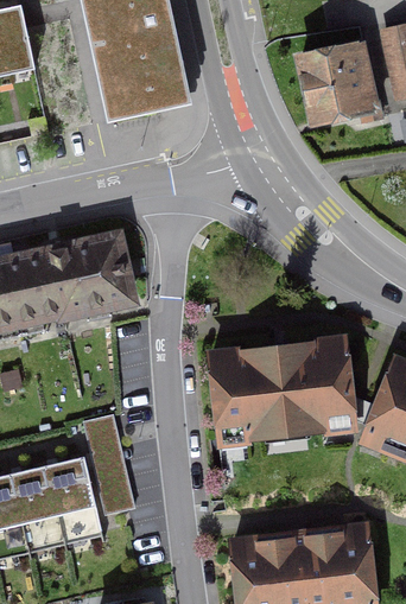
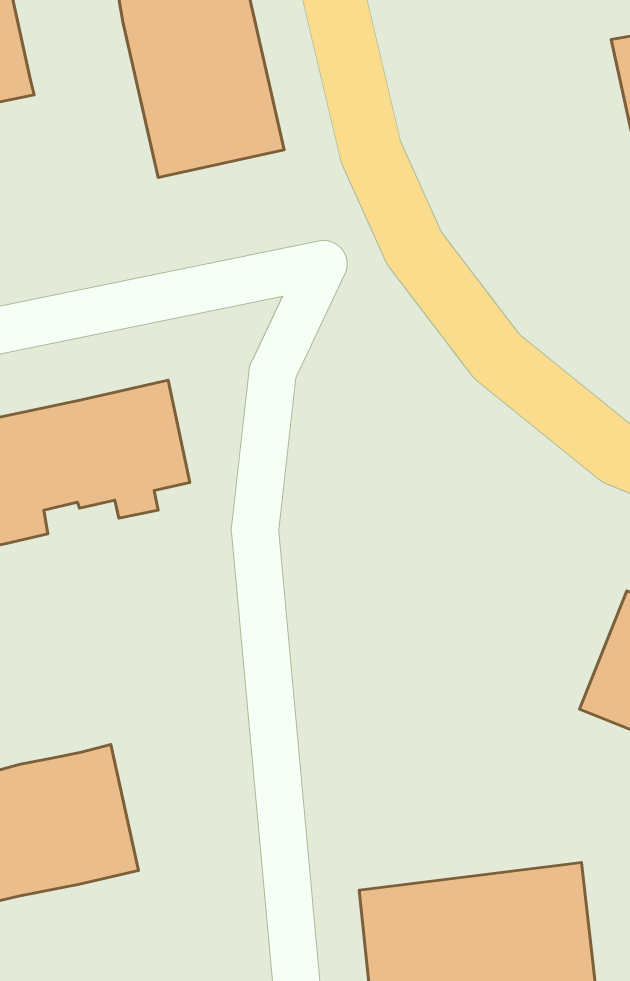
building: [300,43,378,122] -> none
building: [210,342,353,438] -> none
building: [82,411,134,513] -> none

